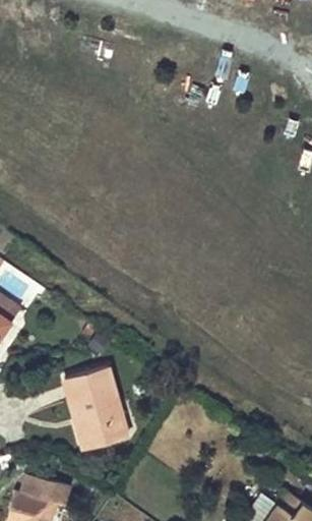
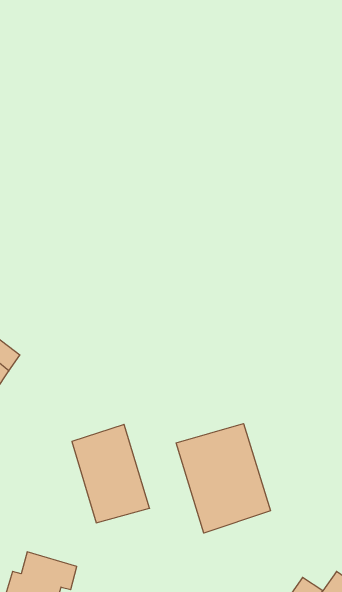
building: none -> [176,424,271,533]

